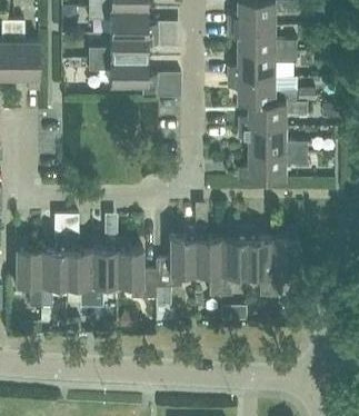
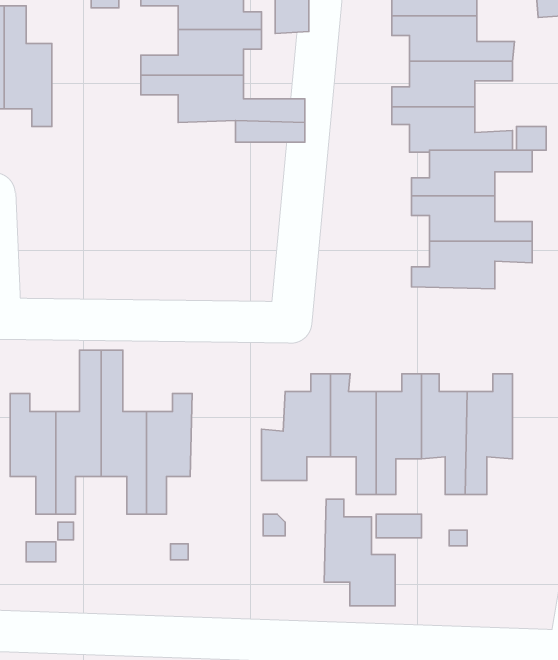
building: [116,239,156,299] -> [324,499,395,606]

